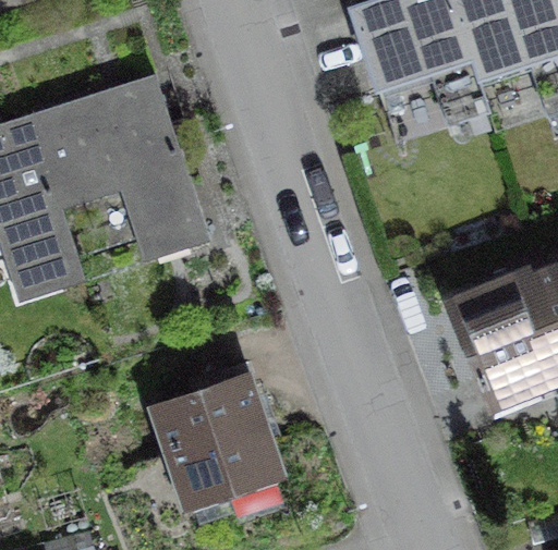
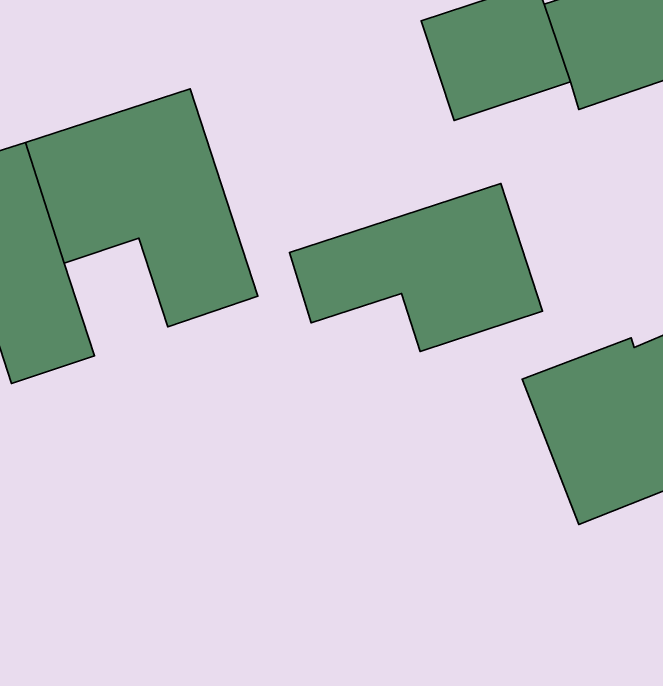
building: none -> [289,183,543,352]
building: [154,372,288,508] -> none

